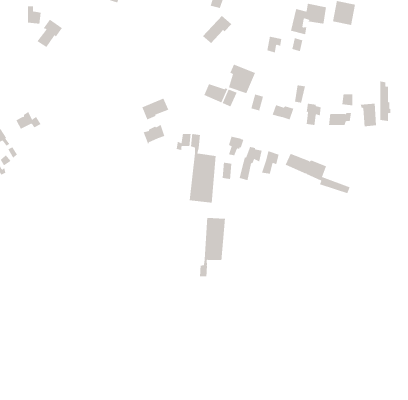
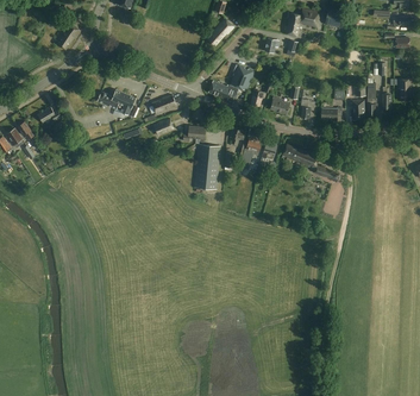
building: none -> [98,89,136,115]
building: [199,217,225,277] -> none

